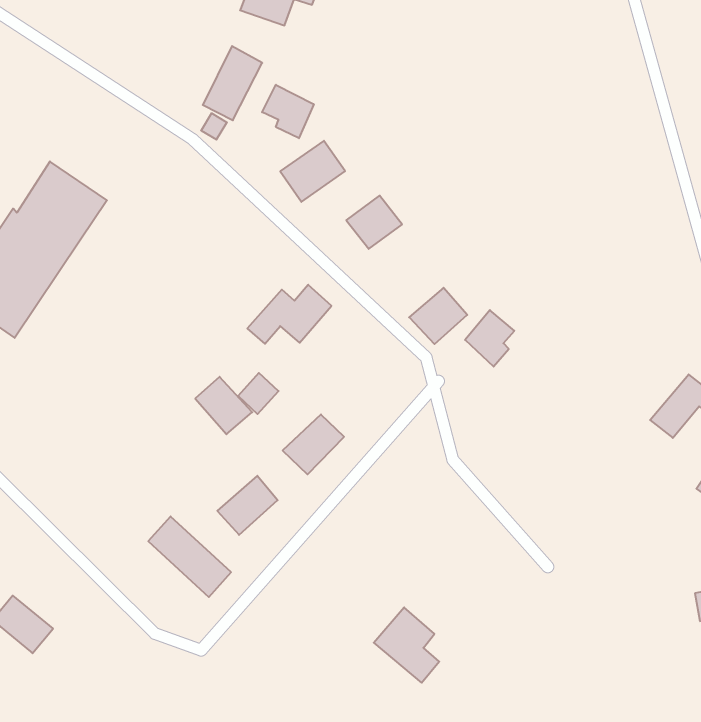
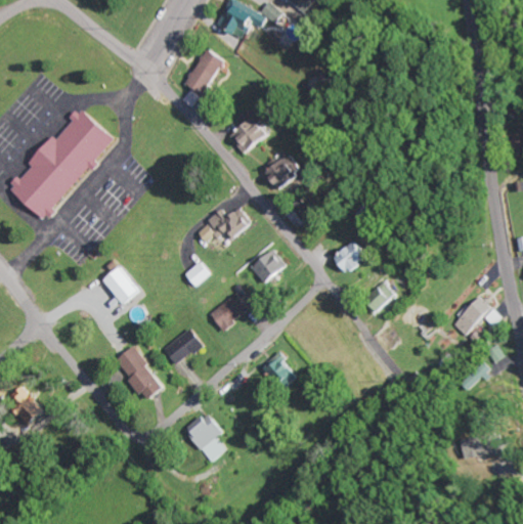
building: [262,85,314,138] -> none
building: [409,288,467,344] -> [250,251,288,287]
building: none -> [366,281,394,309]
building: [195,377,252,434] -> [102,268,138,306]
building: none -> [261,354,296,387]
building: [374,607,439,683] -> [182,412,223,463]

